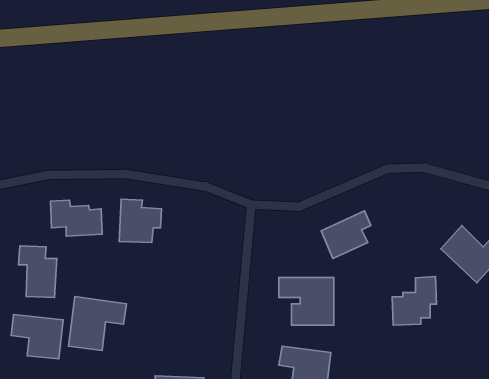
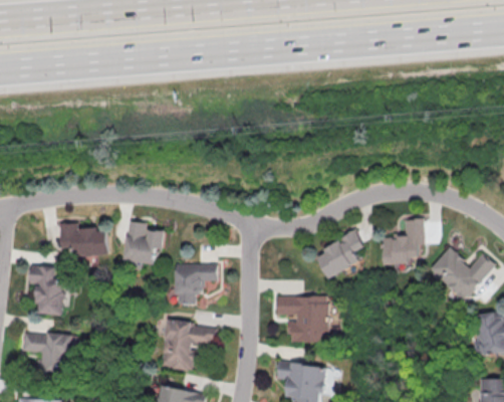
building: none -> [175,263,216,304]
building: [392,277,437,325] -> [382,218,424,264]
building: [68,297,127,350] -> [159,320,214,371]

